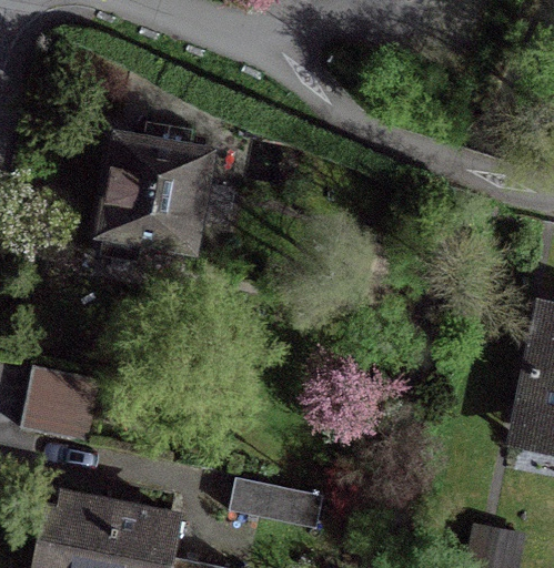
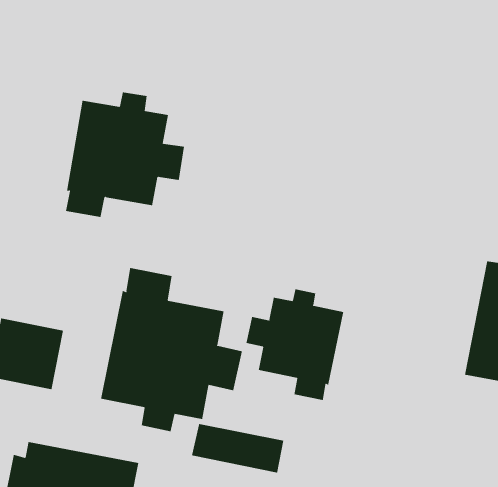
building: none -> [101,267,242,432]
building: none -> [246,289,344,401]

